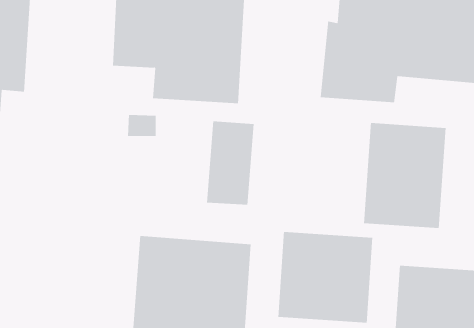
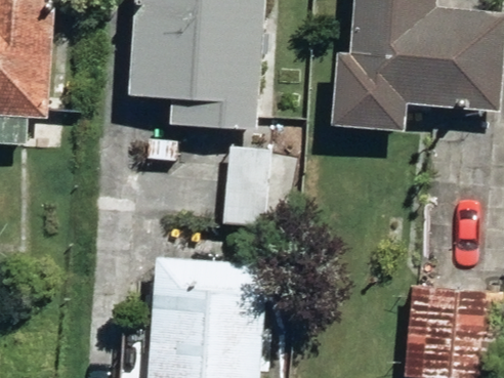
building: [364,122,446,229] -> none
building: [278,231,373,323] -> none

